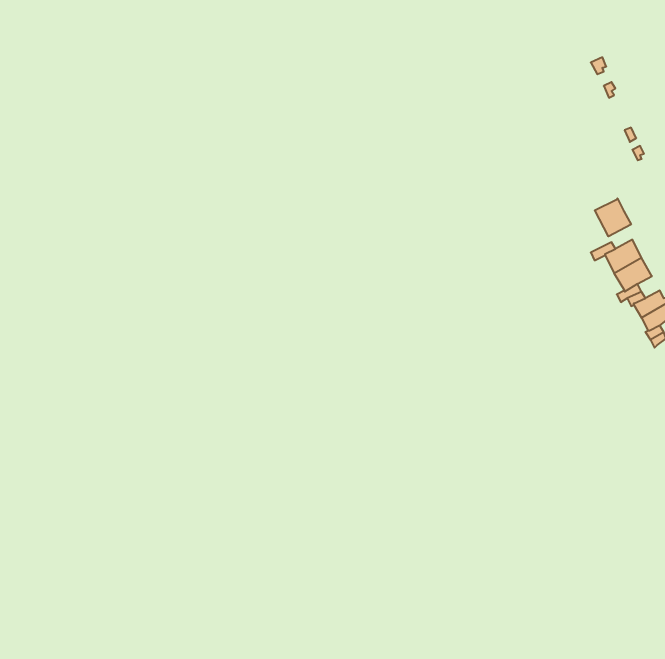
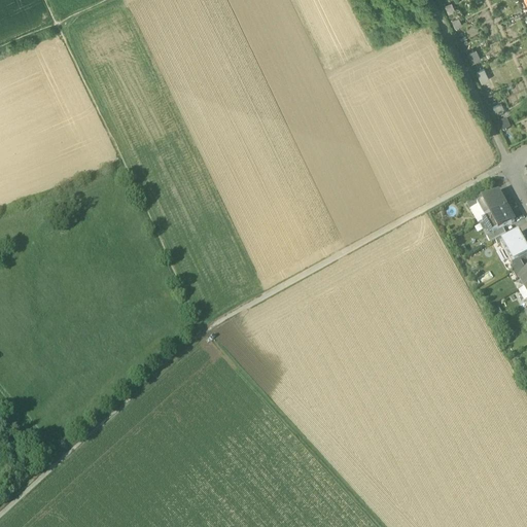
building: [595,198,631,236] -> none

